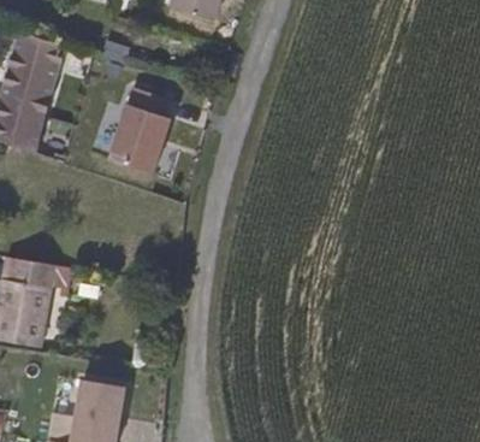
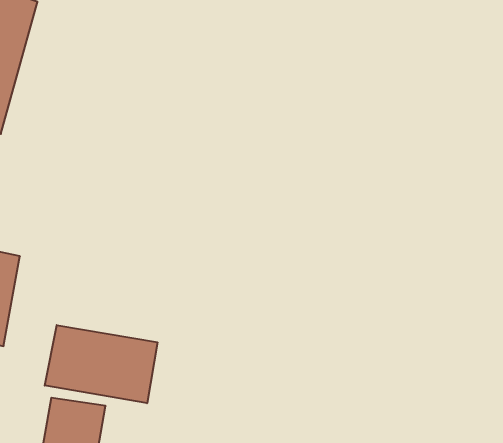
building: [103,107,173,179] -> none
building: none -> [45,325,157,403]

